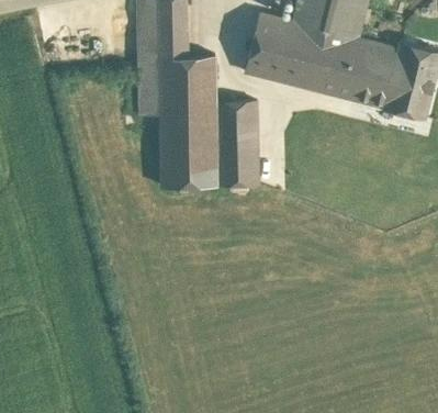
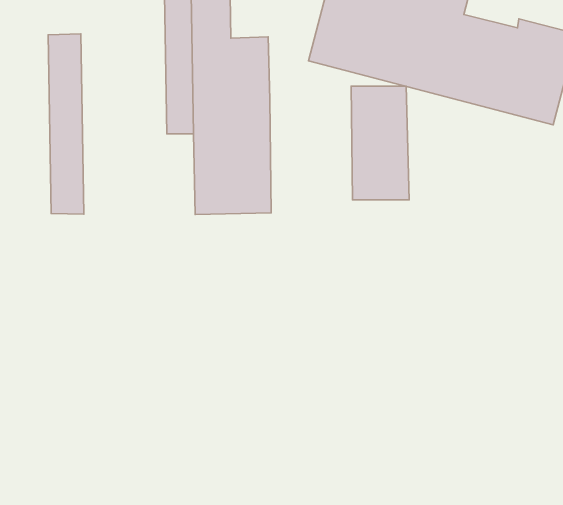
building: none -> [48,34,84,214]
building: [216,100,259,183] -> [351,86,409,200]

